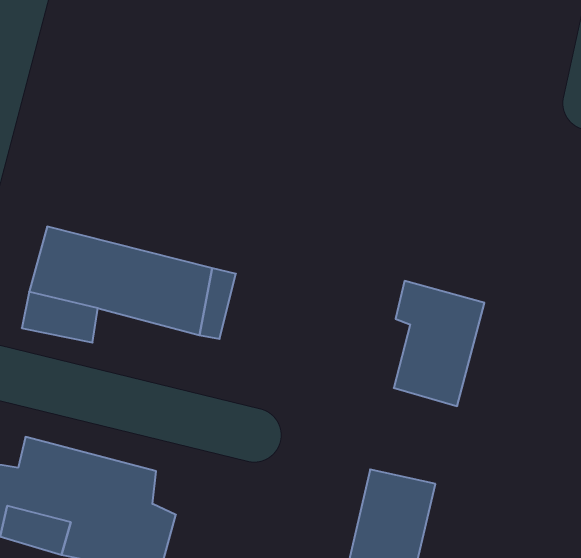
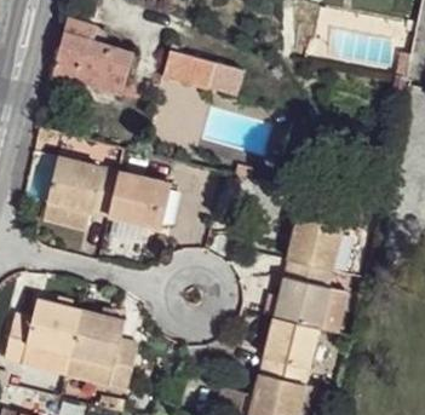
building: none -> [54,18,138,94]
building: none -> [163,54,245,100]
building: none -> [275,263,337,329]

